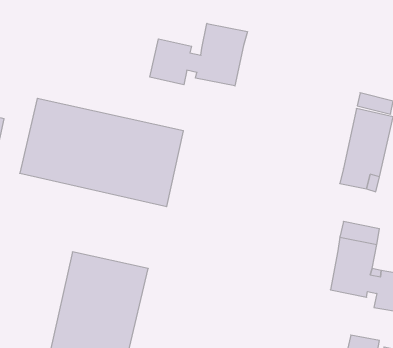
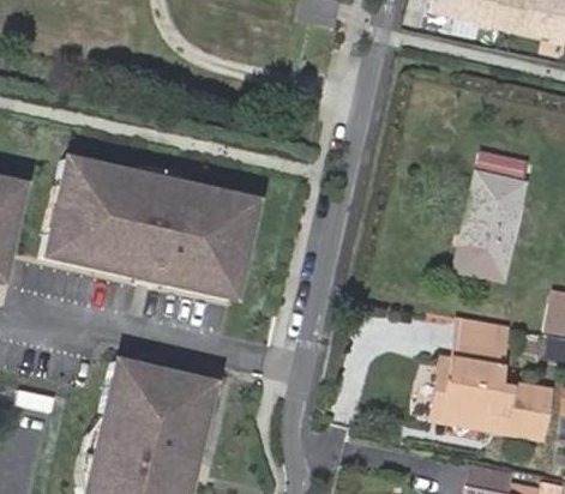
building: [150,23,247,86] -> none
building: none -> [433,355,506,429]

